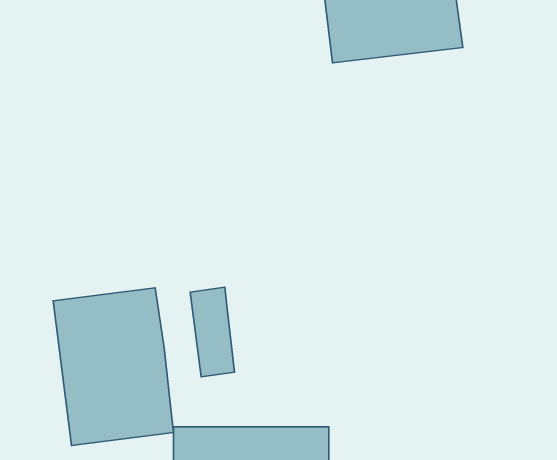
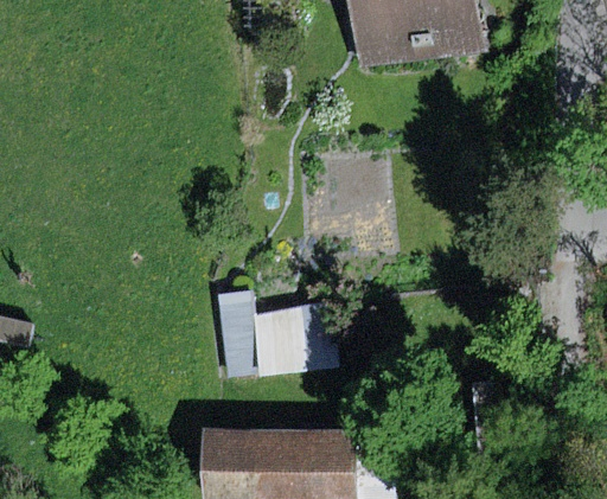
building: [53,288,174,445] -> none
building: none -> [254,303,338,375]

